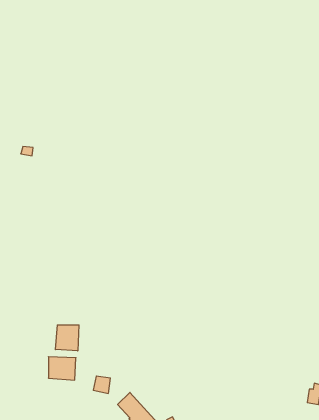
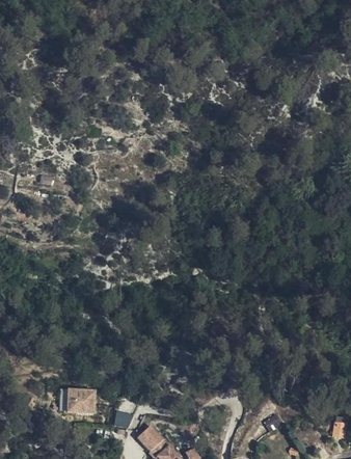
building: [55,325,79,351] -> none

